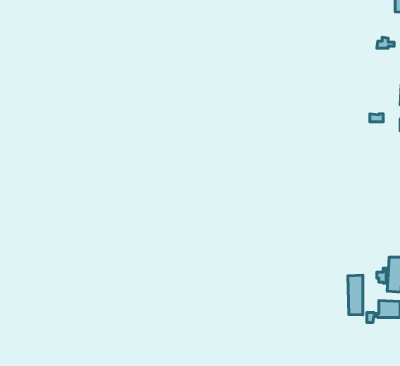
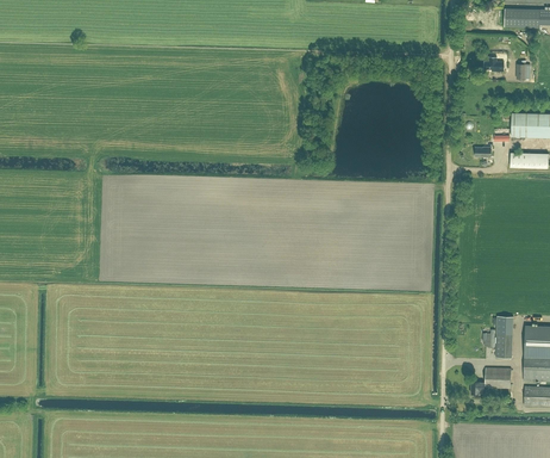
building: [348,275,363,315] -> none

